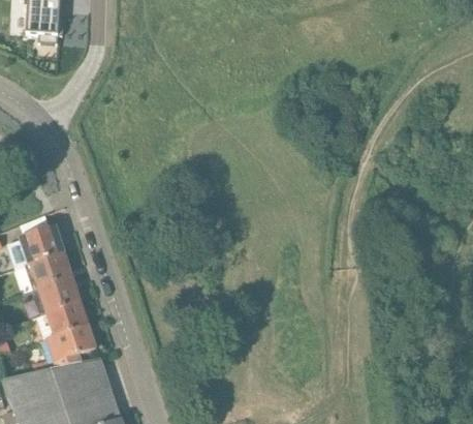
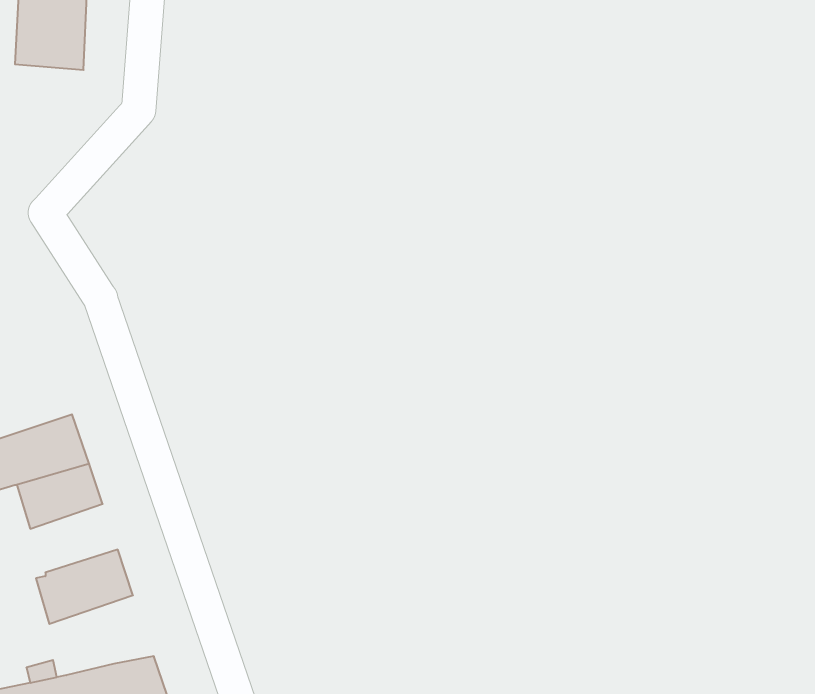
building: [32,276,80,313] -> none
building: [42,326,95,369] -> none

